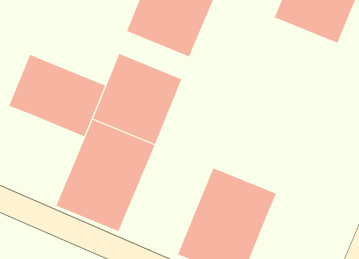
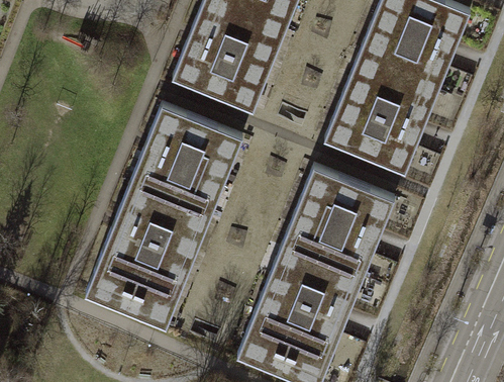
building: none -> [325,59,437,171]
building: [8,54,106,137] -> none
building: none -> [282,166,394,278]

